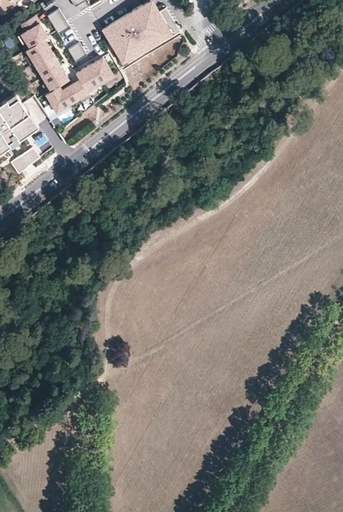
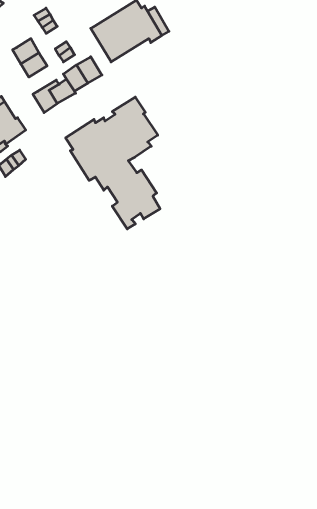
building: [21,15,48,48] -> none
building: [42,66,69,91] -> none
building: none -> [66,97,160,229]

